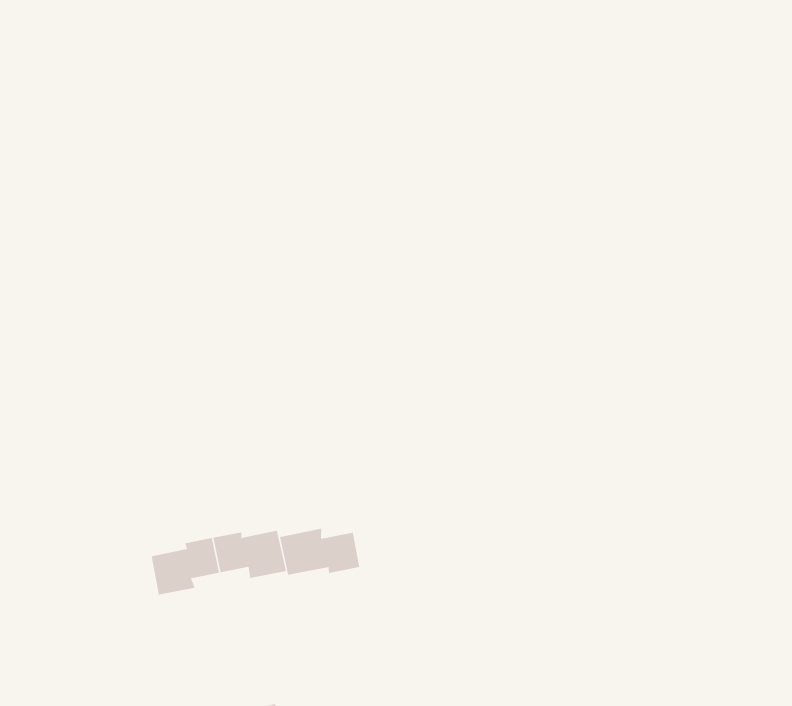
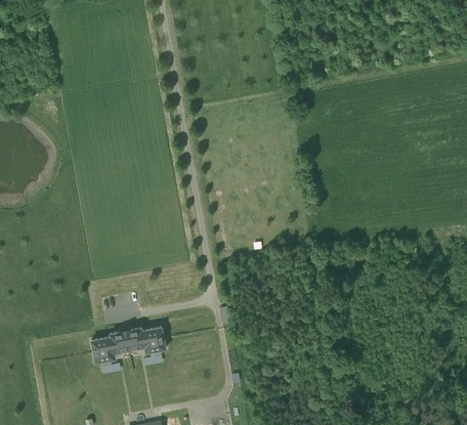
building: [280,528,360,575] -> none

